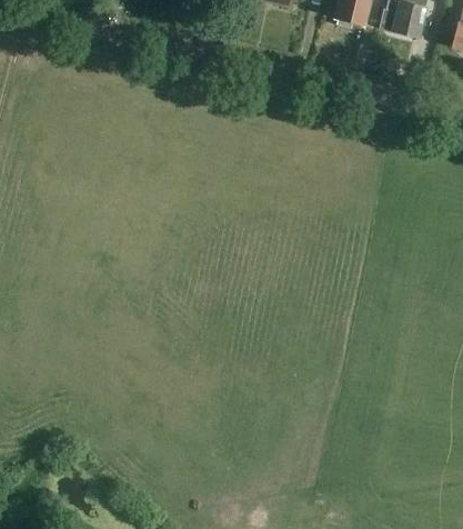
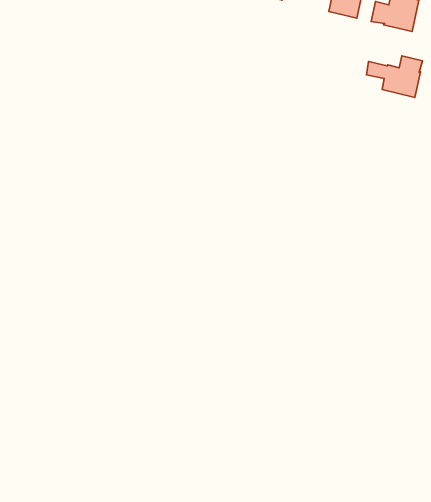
building: none -> [367,56,423,98]

